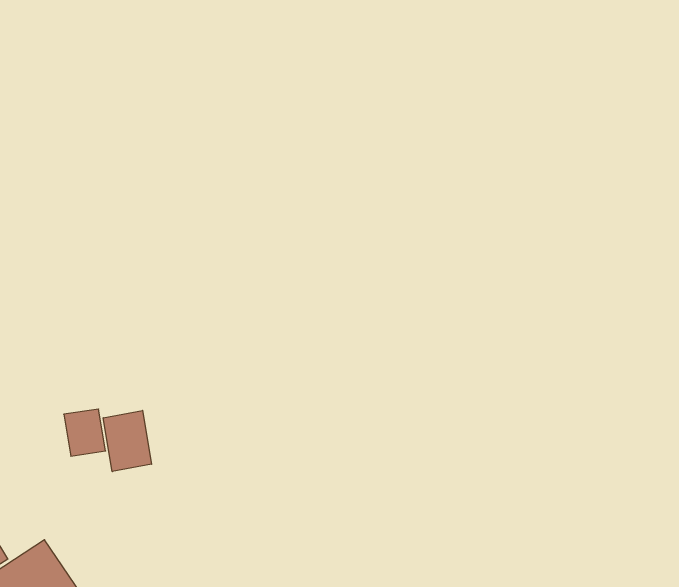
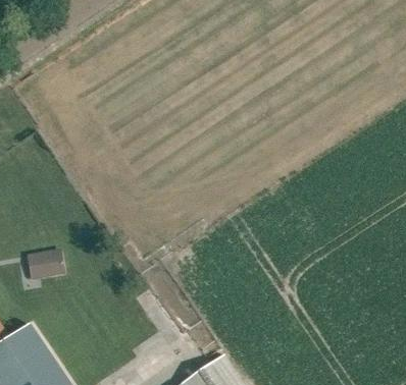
building: [103,410,152,472] -> none

